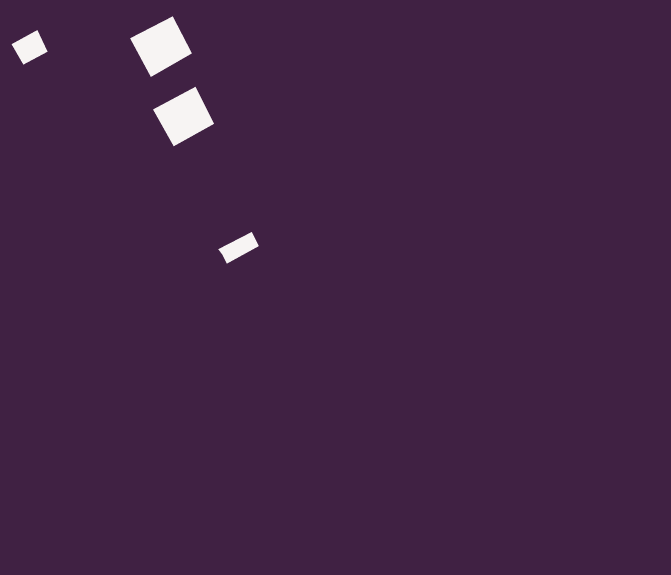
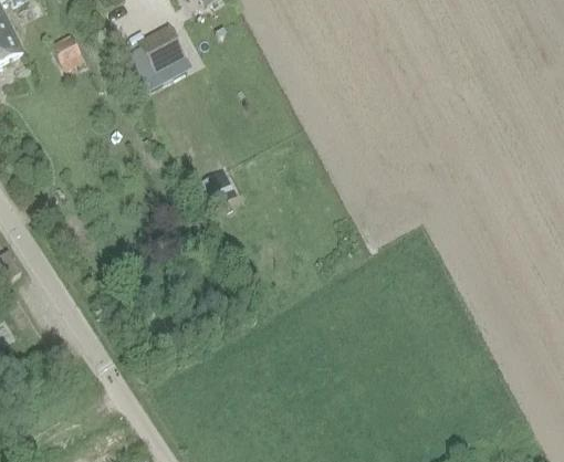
building: [152,86,215,147] -> none

